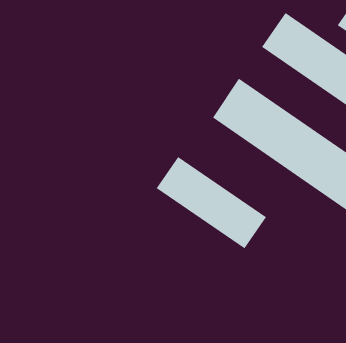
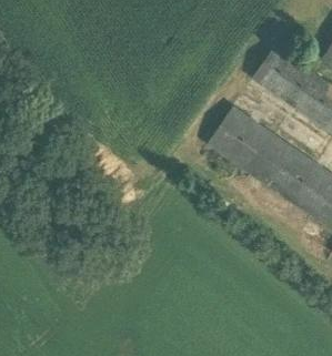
building: [156,156,267,249] -> none

